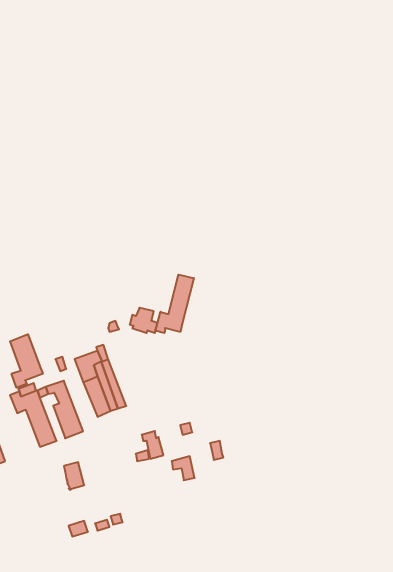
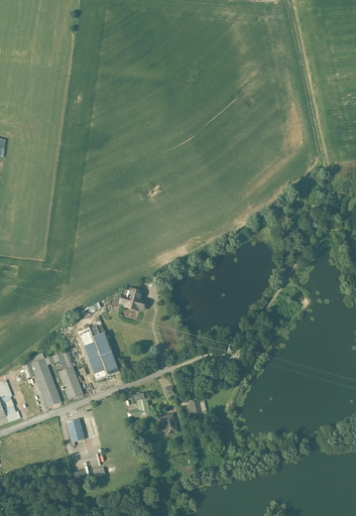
building: [156,275,194,333] -> none
building: [10,334,43,388] -> none

